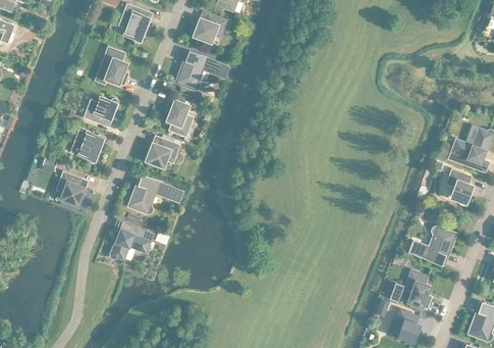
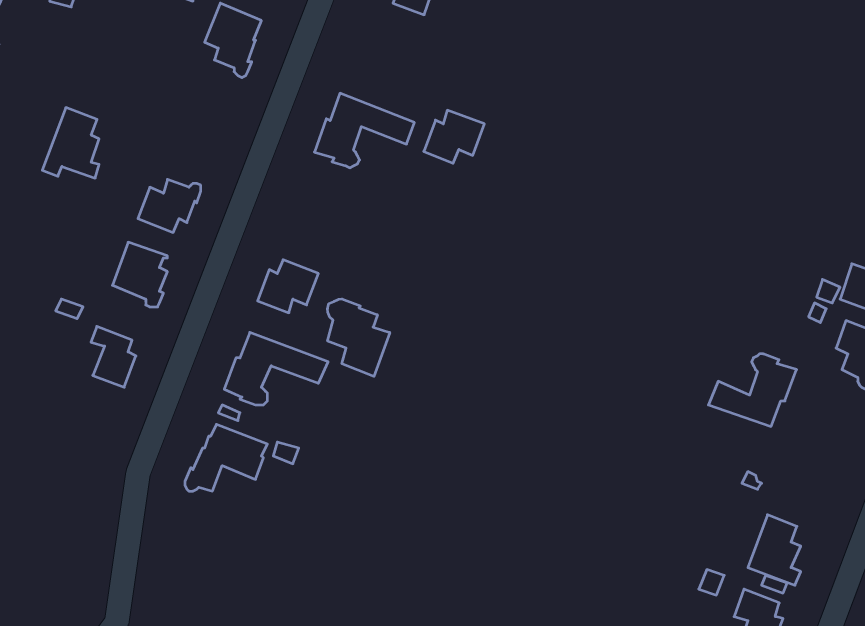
building: [195,13,226,41] -> [424,110,484,163]
building: [96,47,125,84] -> [42,108,99,178]
building: [167,98,191,136] -> none
building: none -> [328,299,390,376]
building: [408,226,454,263] -> [708,354,797,426]

